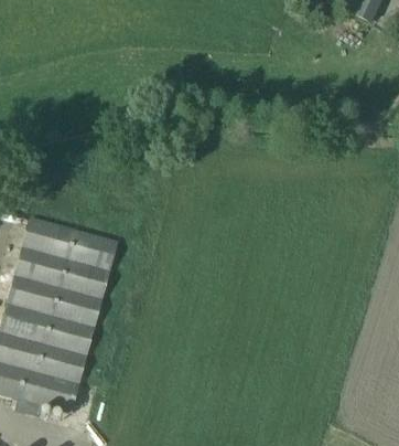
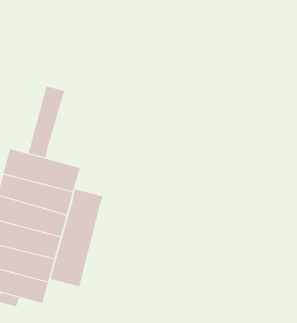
building: none -> [28,85,65,158]
building: none -> [50,188,103,287]

